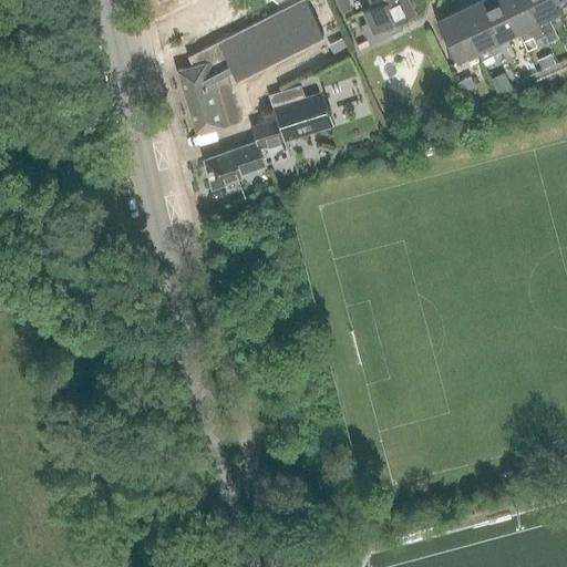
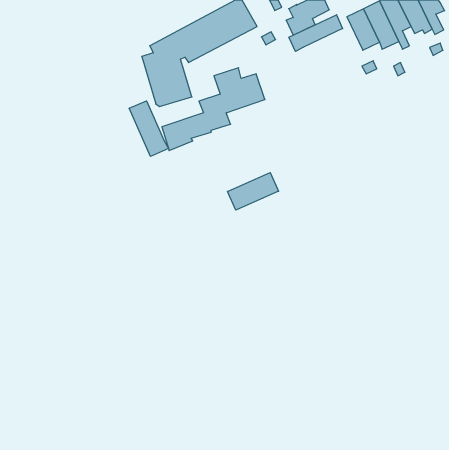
building: none -> [289,15,343,51]
building: none -> [129,101,168,156]
building: none -> [228,173,279,210]

